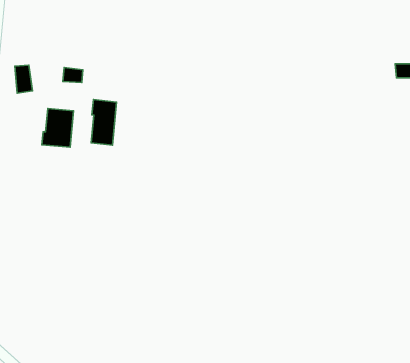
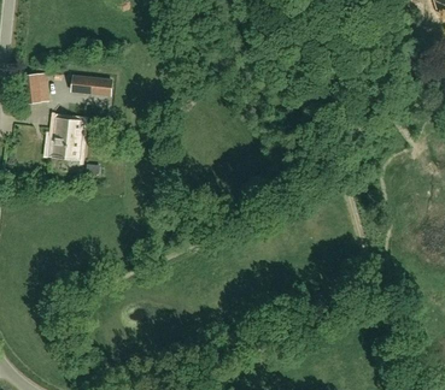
building: [91,100,116,145] -> none

